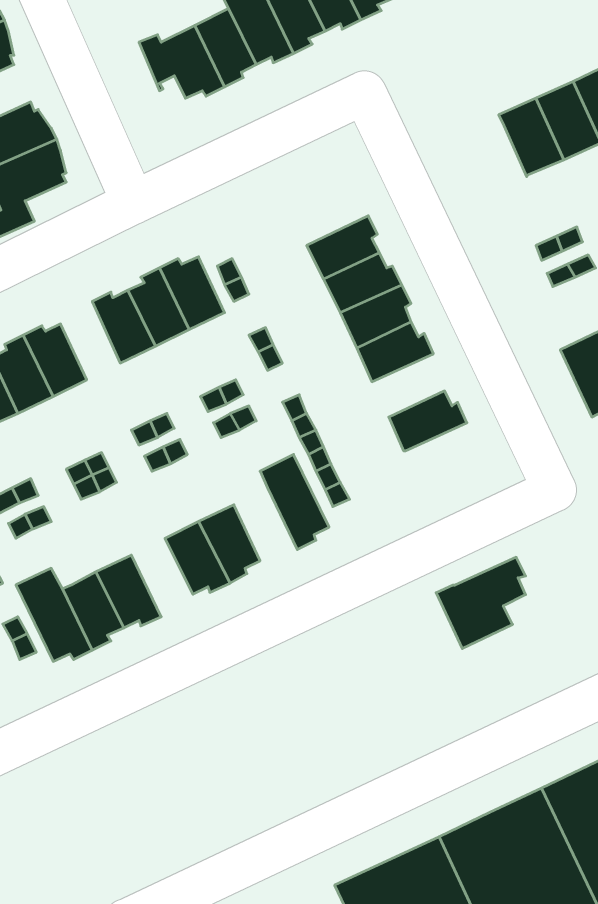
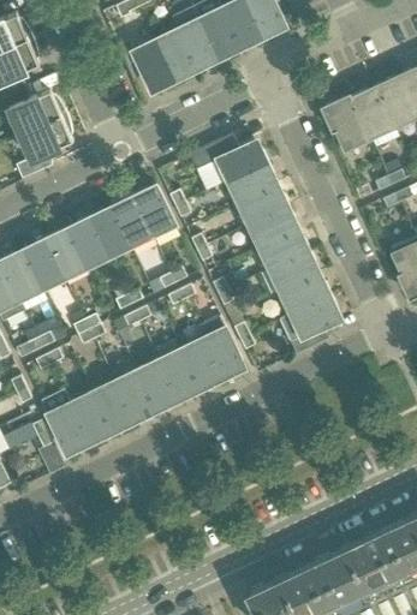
building: none -> [327,97,373,153]
building: none -> [190,135,267,181]
building: none -> [68,217,107,268]
building: none -> [269,251,316,292]
building: none -> [180,338,221,384]
building: none -> [114,370,154,420]
building: [436,557,526,649] -> [279,295,336,354]

